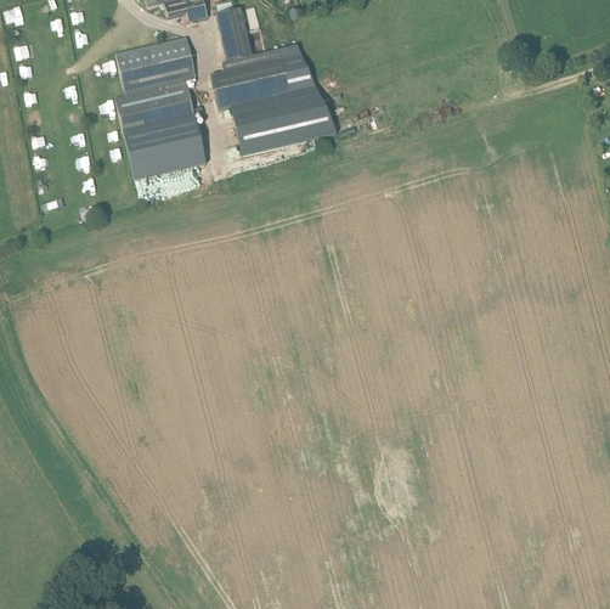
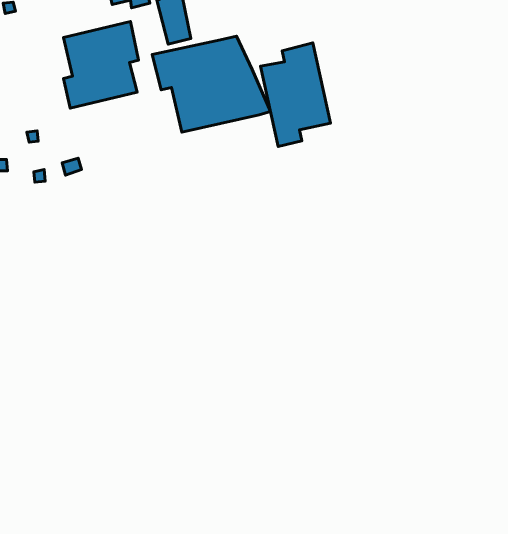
building: none -> [260,43,330,146]
building: [123,112,205,179] -> none

